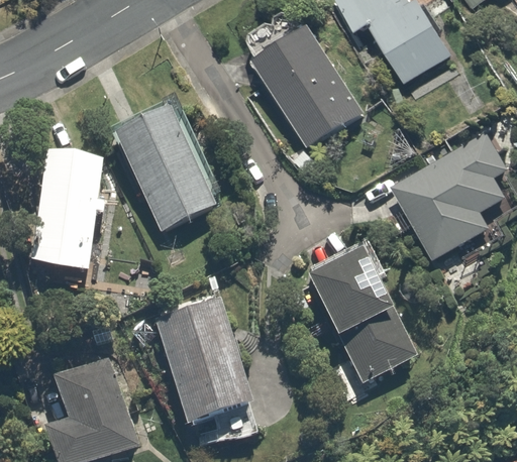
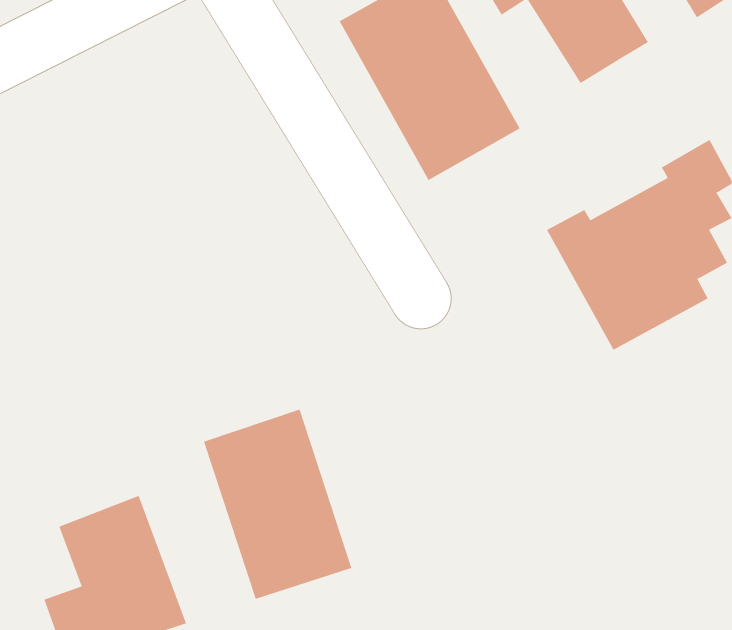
building: [110,102,221,231] -> none
building: [26,152,105,273] -> none
building: [307,244,414,383] -> none

